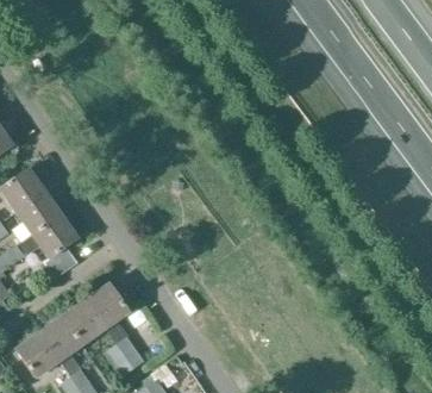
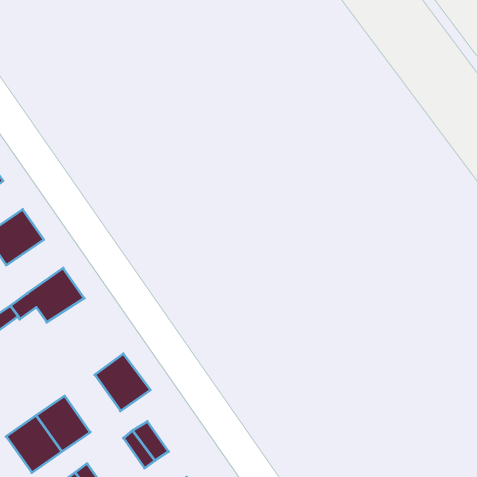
building: [15,192,61,235] -> none
building: [62,299,106,344] -> none

